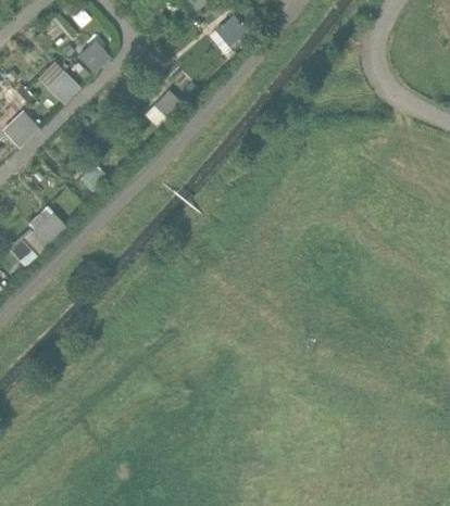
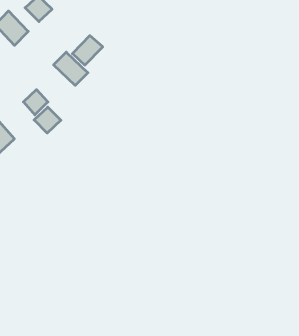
building: none -> [54,52,88,85]
building: none -> [34,107,61,133]

